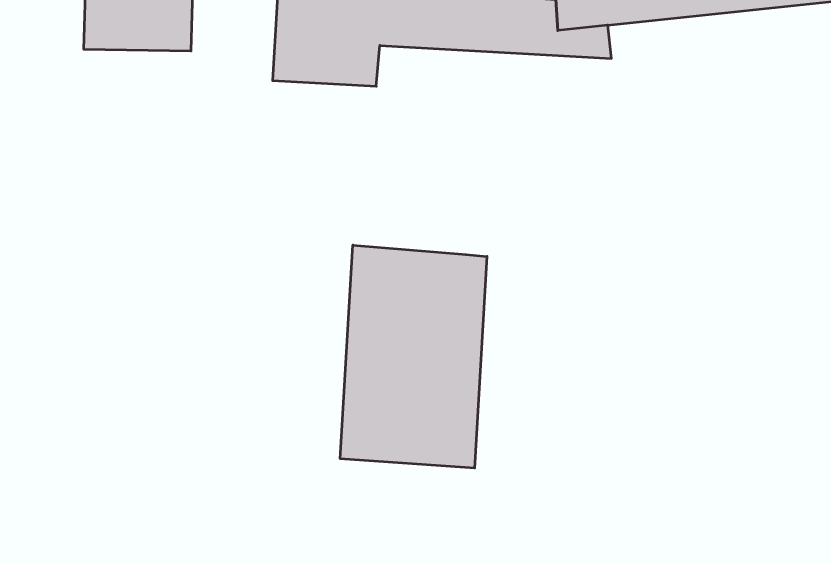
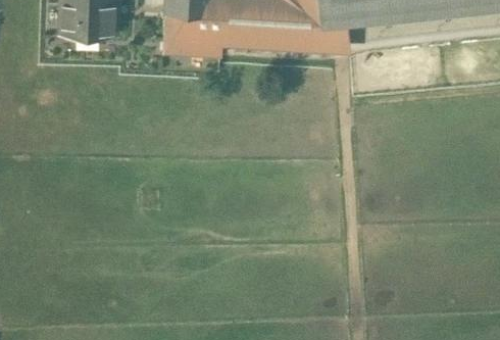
building: [340,245,487,468] -> none

